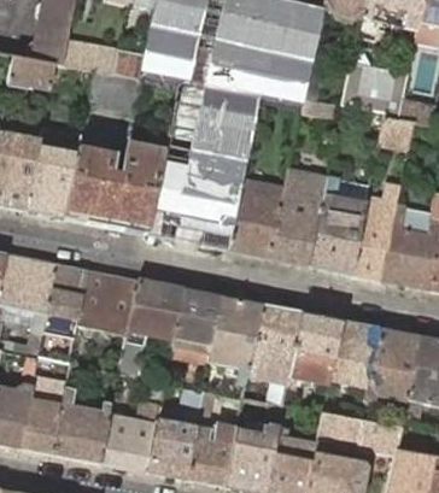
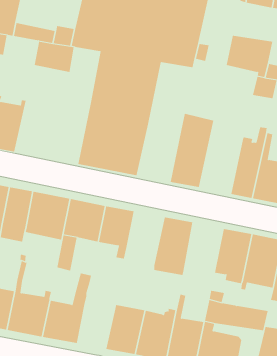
building: [63,143,163,233] -> none
building: [309,175,365,272] -> none
building: [226,180,283,257] -> none
building: [209,295,262,383] -> none
building: [288,310,340,382] -> none
building: [146,409,197,479] -> none

